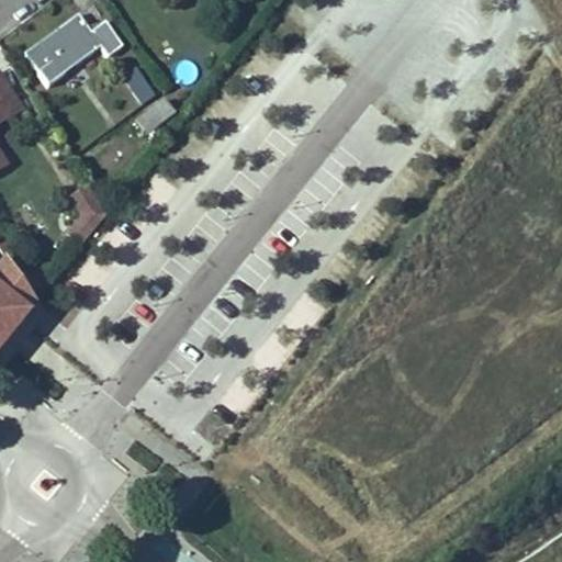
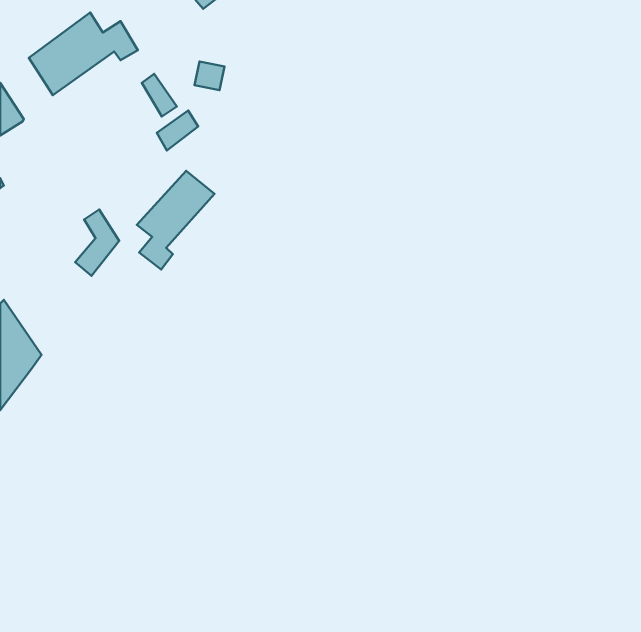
building: none -> [137,171,215,270]

